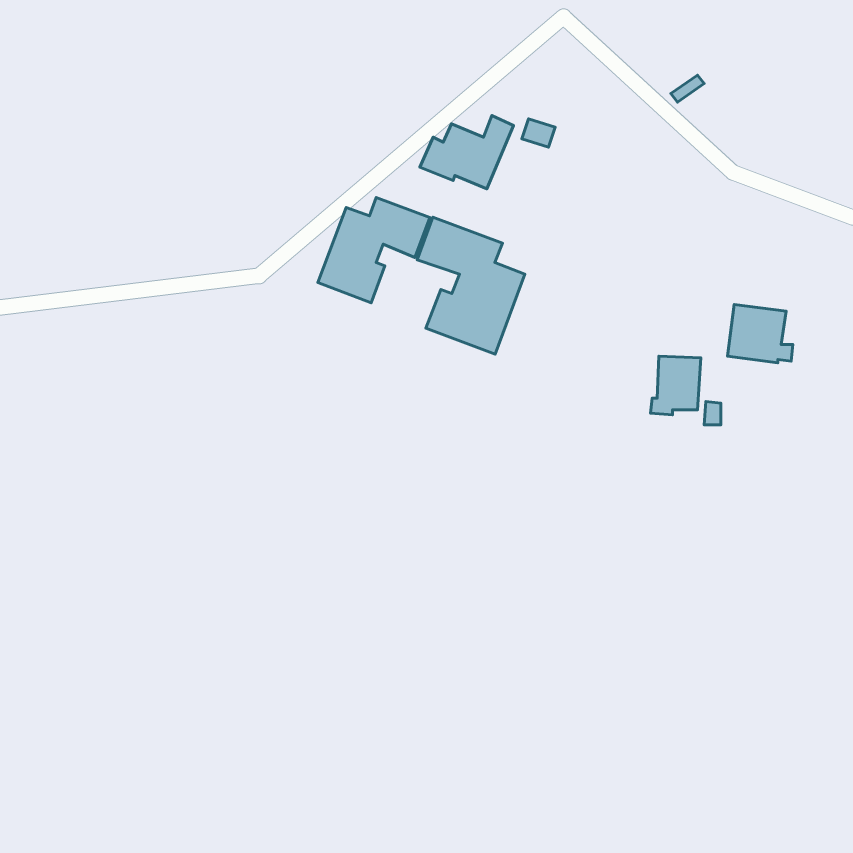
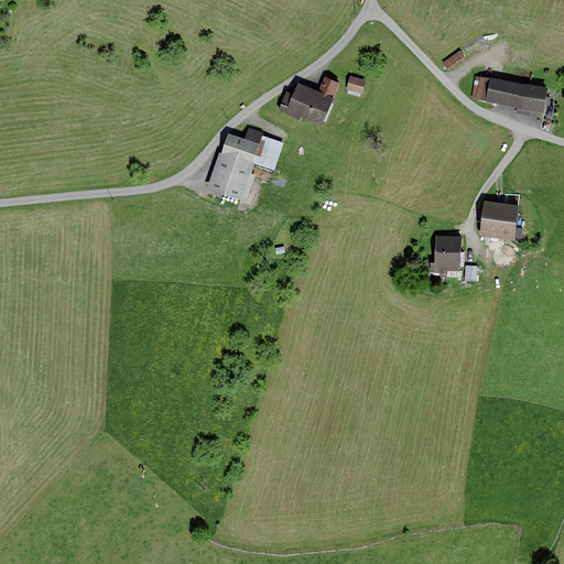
building: none -> [474,74,549,117]
building: [417,217,525,354] -> none

